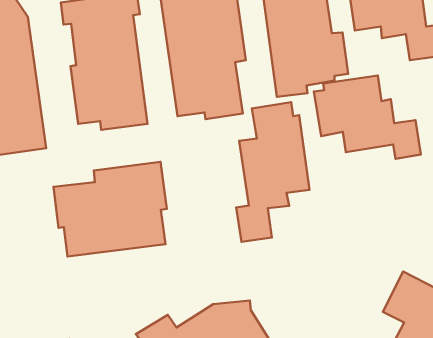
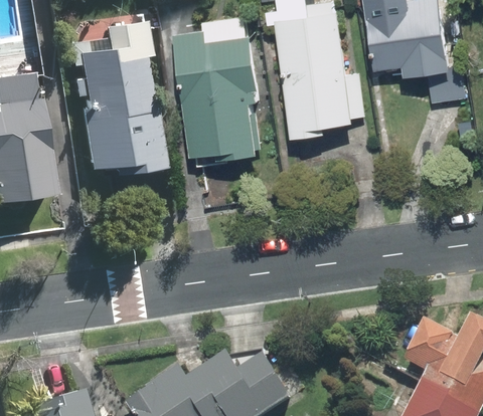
building: [314,75,421,159] -> none
building: [236,102,309,242] -> none
building: [54,162,167,256] -> none

